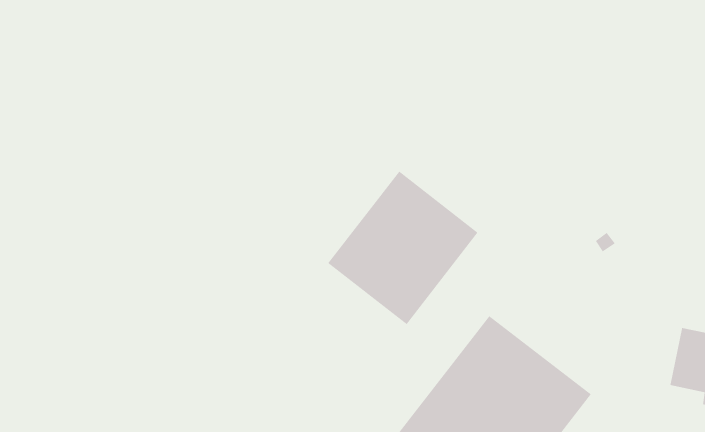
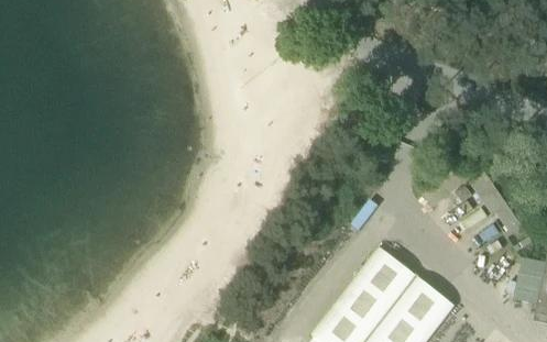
building: [327,170,478,325] -> none

